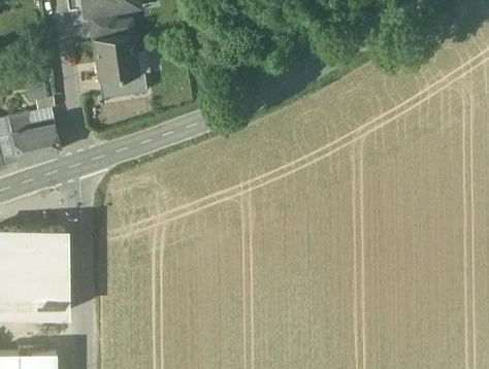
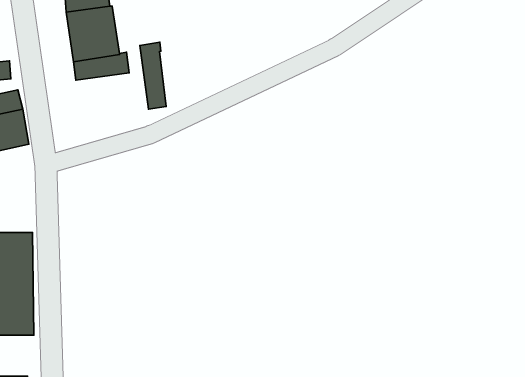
building: none -> [140,42,166,109]

